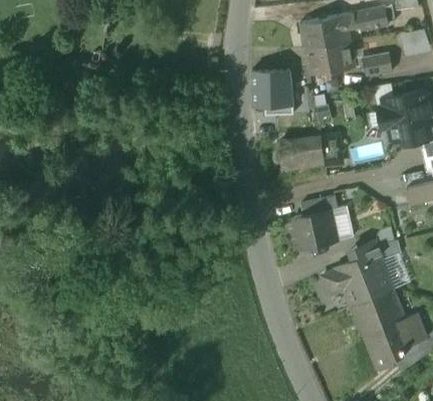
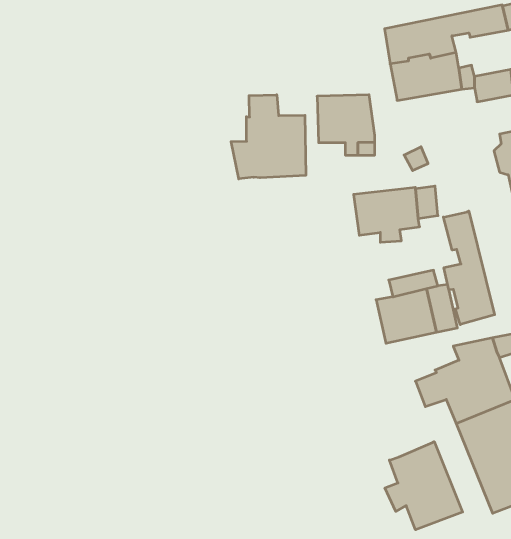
building: none -> [231,95,306,179]
building: none -> [443,211,495,325]
building: none -> [385,442,463,530]

